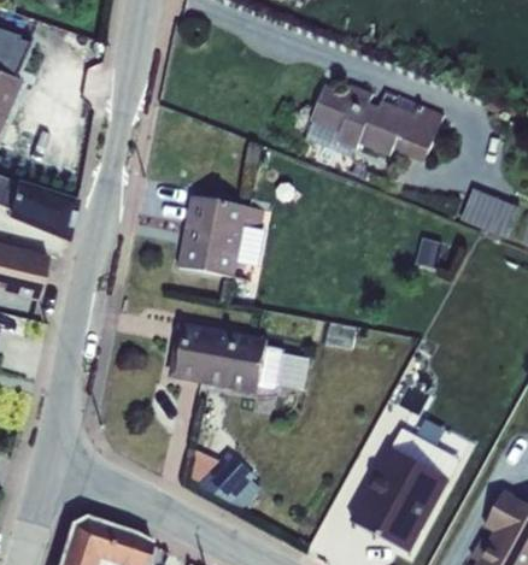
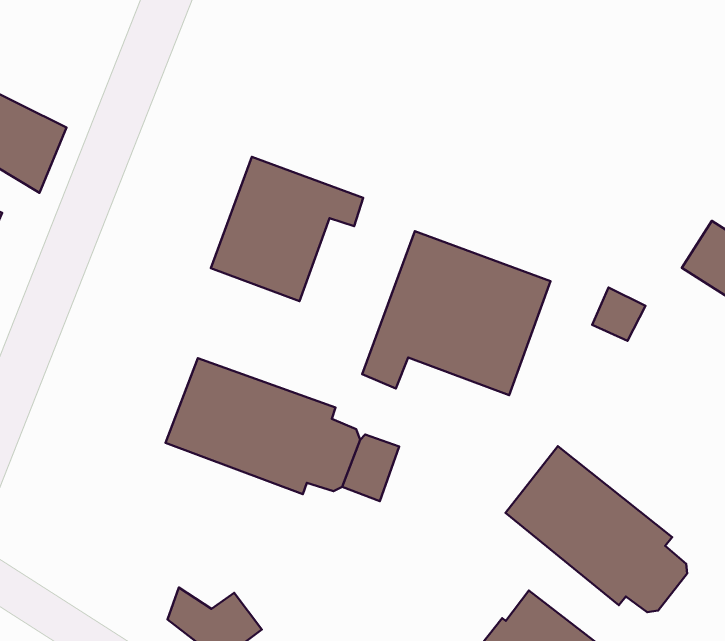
building: [306,86,444,163] -> none
building: none -> [362,231,550,395]
building: none -> [506,446,687,612]

